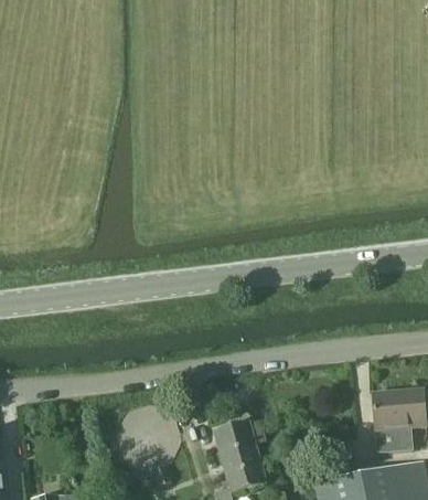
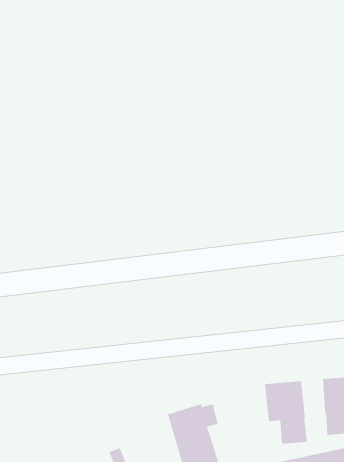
building: none -> [264,380,307,444]

